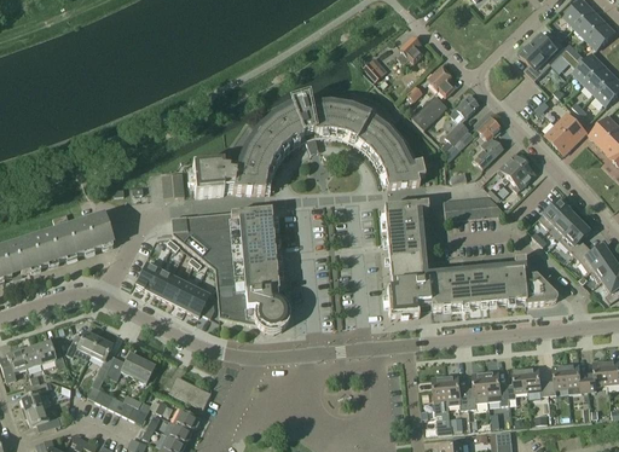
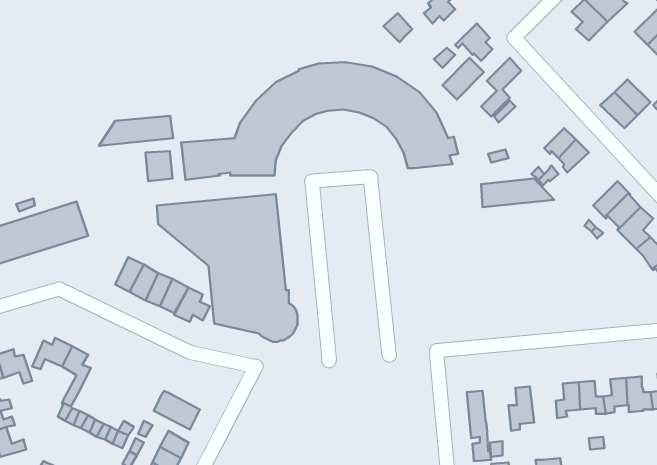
building: [474,116,502,168] -> none
building: none -> [99,116,173,146]
building: [383,202,556,319] -> none
building: [105,353,155,383] -> none
building: [485,370,509,404] -> none
building: [445,373,469,408] -> none

